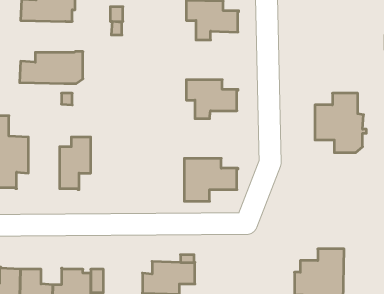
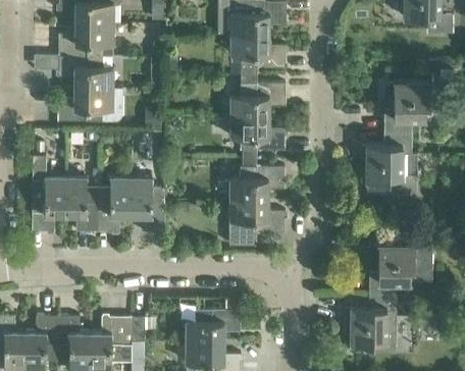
building: none -> [57,56,115,90]
building: none -> [231,76,286,118]
building: none -> [384,83,429,132]
building: none -> [229,159,285,201]
building: none -> [66,178,99,232]
building: none -> [132,178,164,232]
building: none -> [369,240,432,296]

